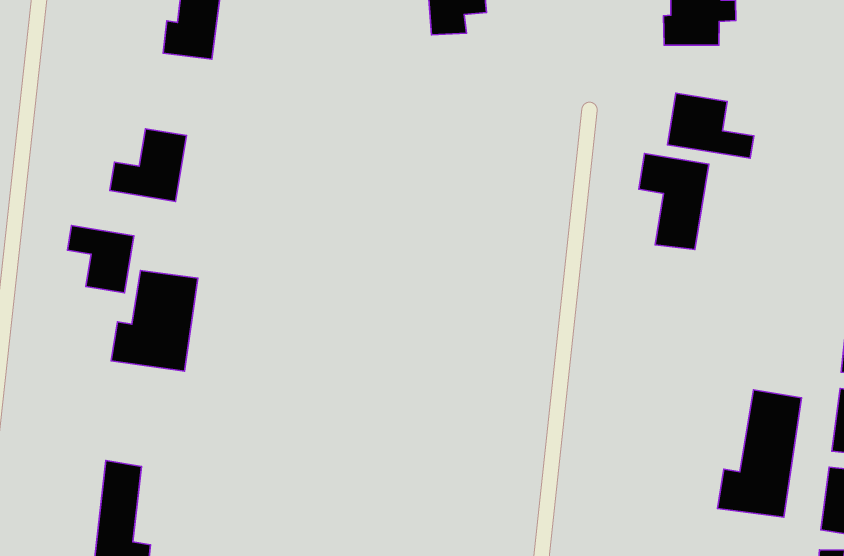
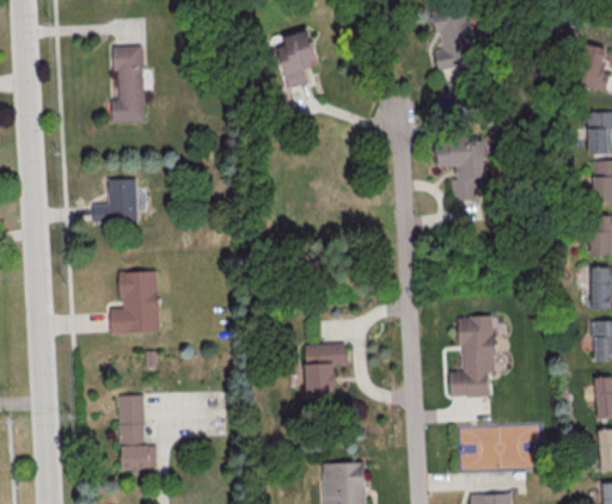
building: [667,93,754,158] -> none
building: [68,226,134,293] -> none
building: [717,390,801,517] -> [449,313,494,394]
building: none -> [305,339,348,395]

